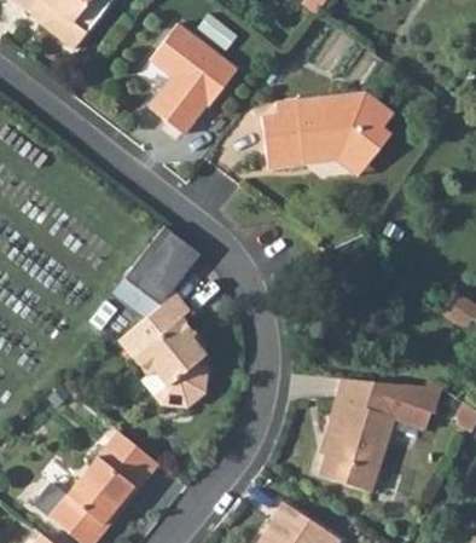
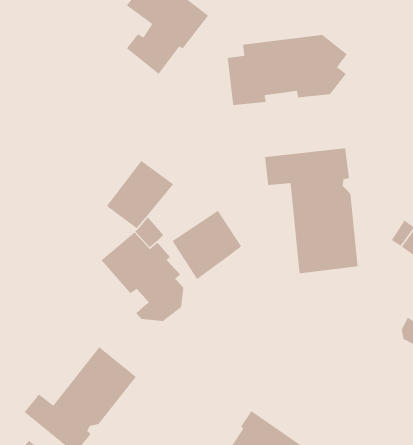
building: none -> [264,147,358,274]
building: none -> [172,210,242,280]
building: [319,380,440,493] -> none

